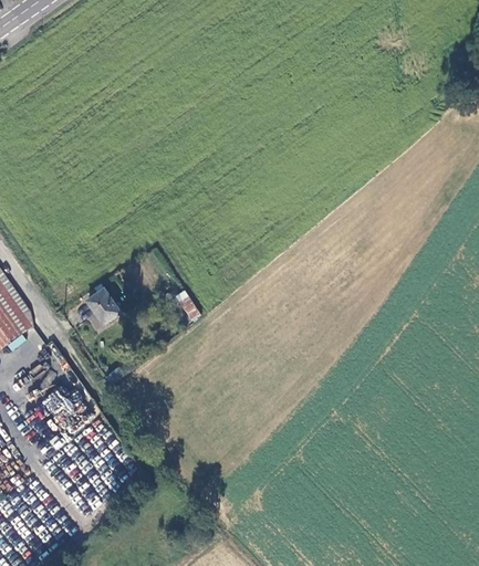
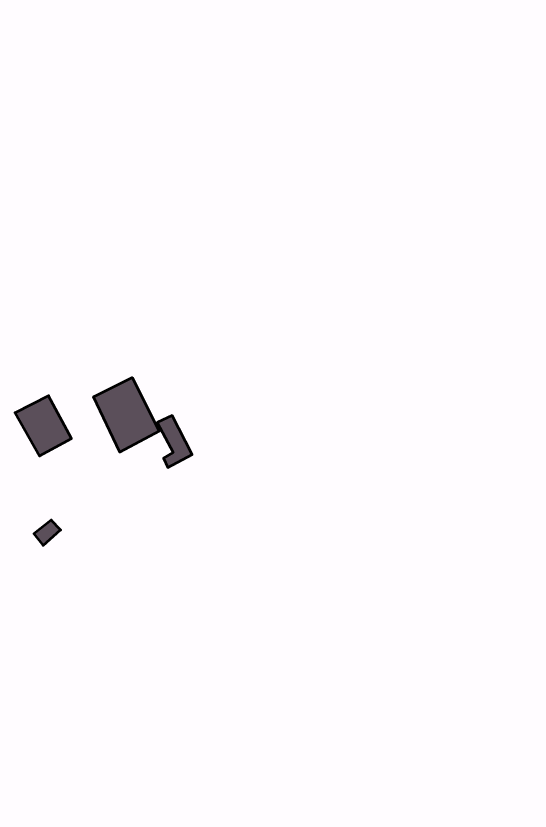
building: none -> [94,378,159,452]

